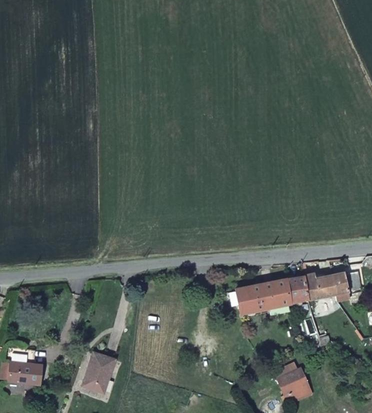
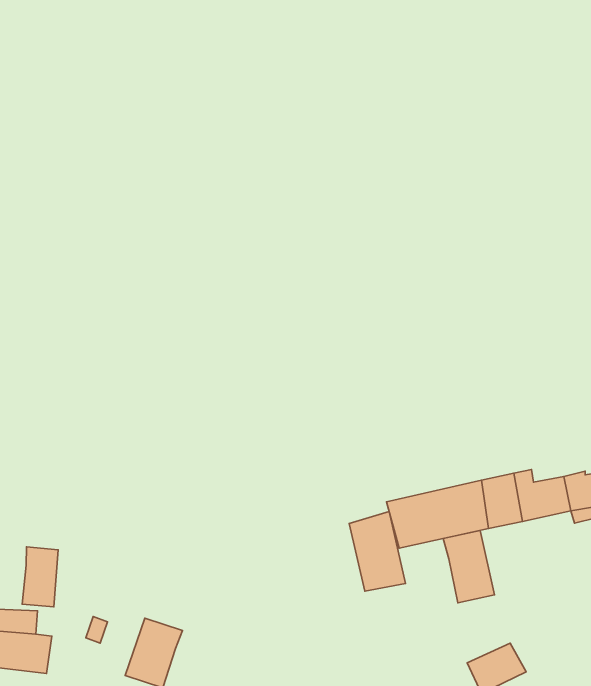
building: none -> [349,512,406,591]
building: none -> [443,531,495,603]
building: none -> [22,547,58,607]

